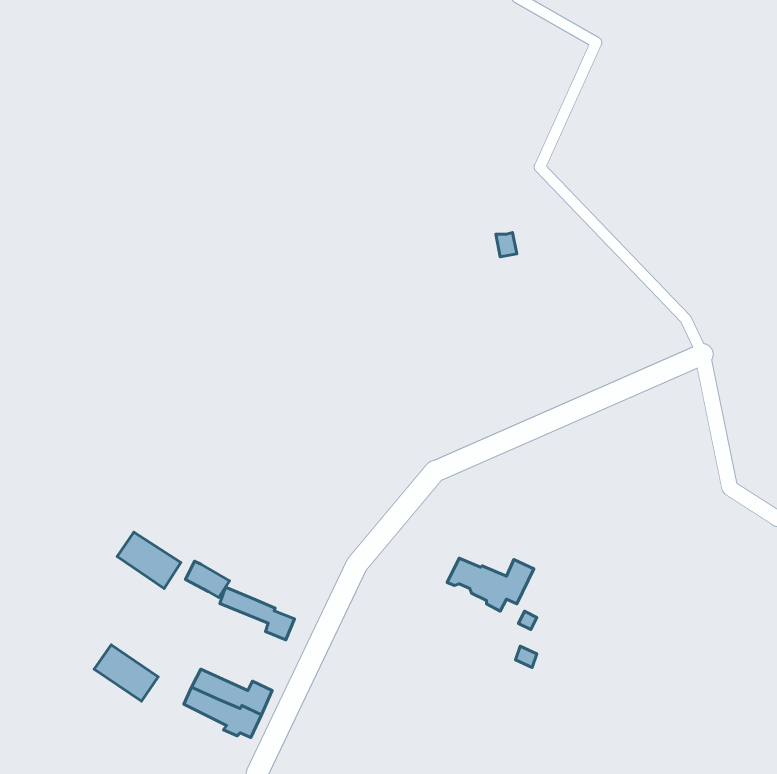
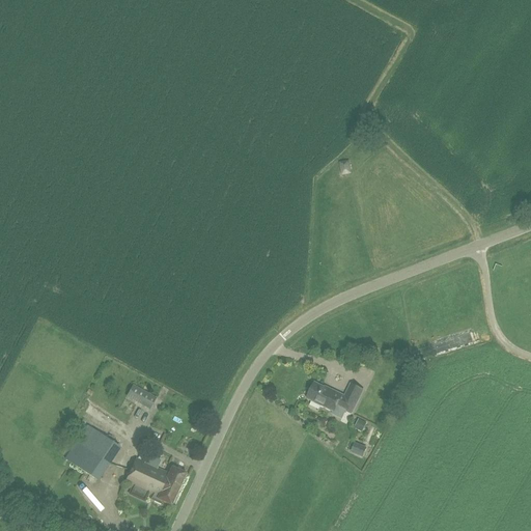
building: [117,532,181,588] -> [76,423,119,462]
building: [220,587,294,640] -> none

